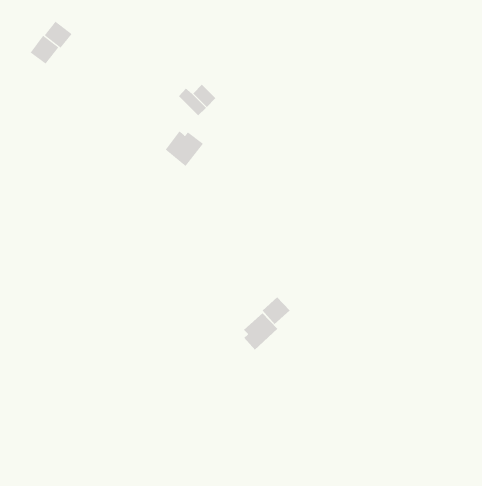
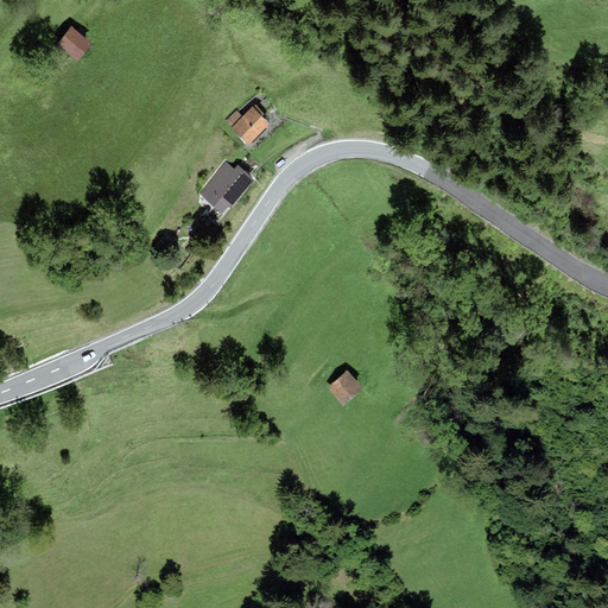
building: [30,35,59,64] -> none
building: [243,313,278,350] -> none

